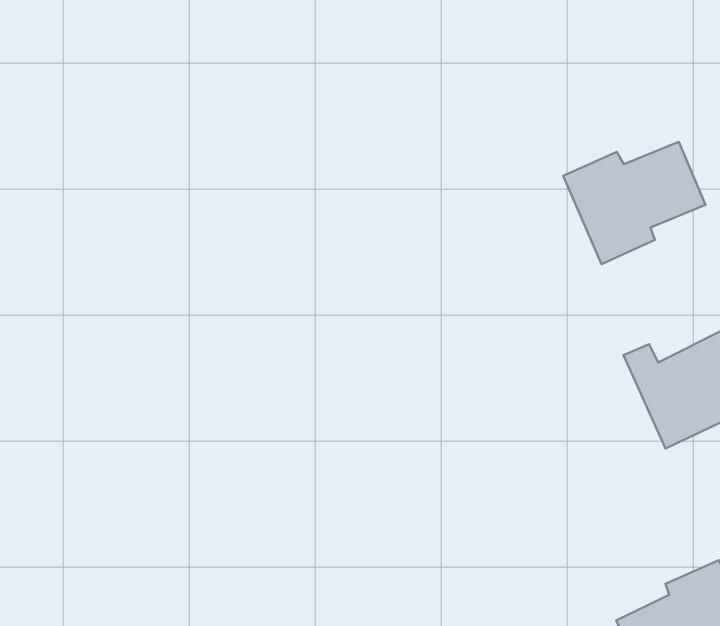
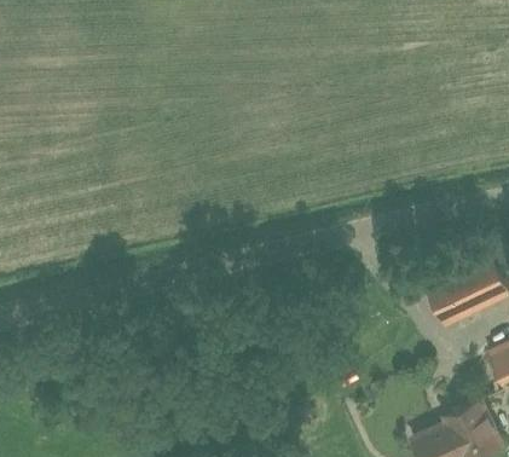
building: [563,142,706,264] -> none

